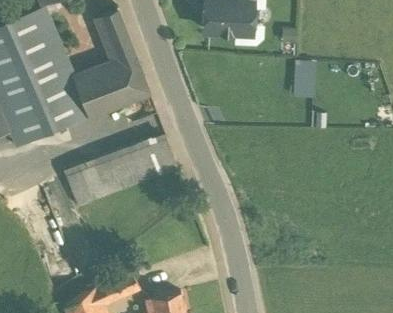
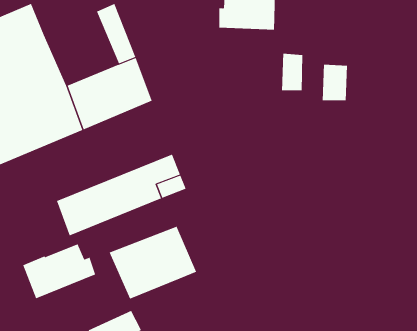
building: none -> [282,53,303,91]
building: none -> [109,226,197,300]
building: none -> [22,243,96,299]

